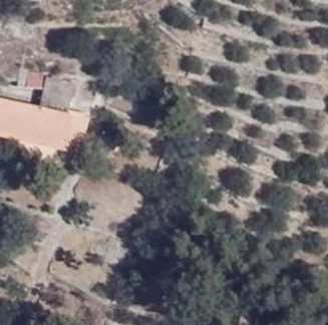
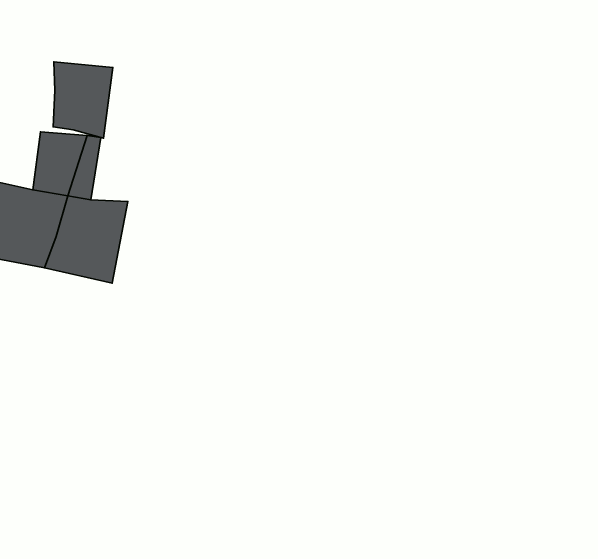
building: none -> [53,62,113,138]

